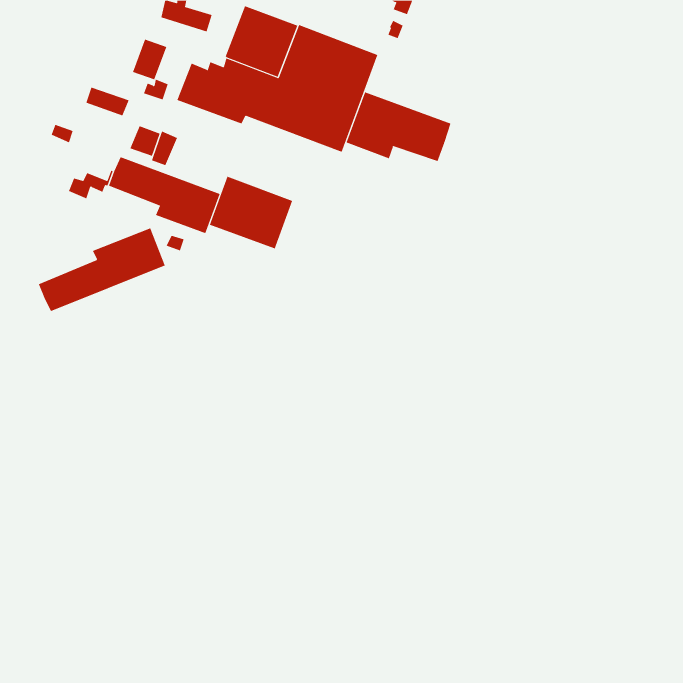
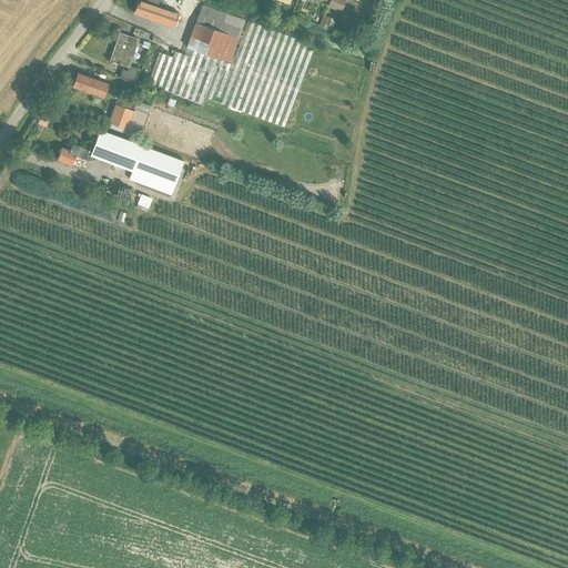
building: [346,92,451,162] -> none
building: [209,176,293,250] -> none
building: [38,227,166,312] -> none

